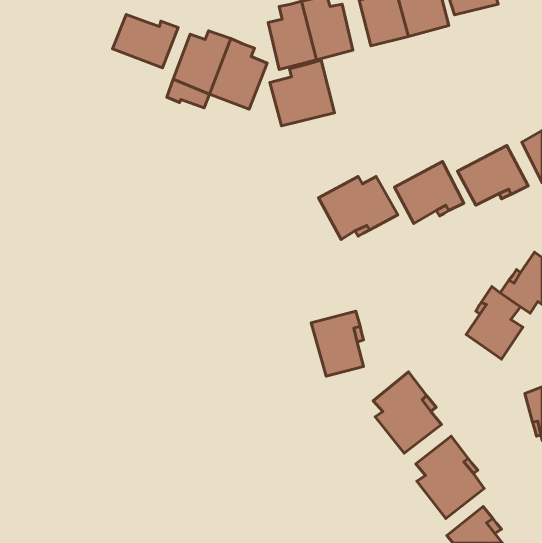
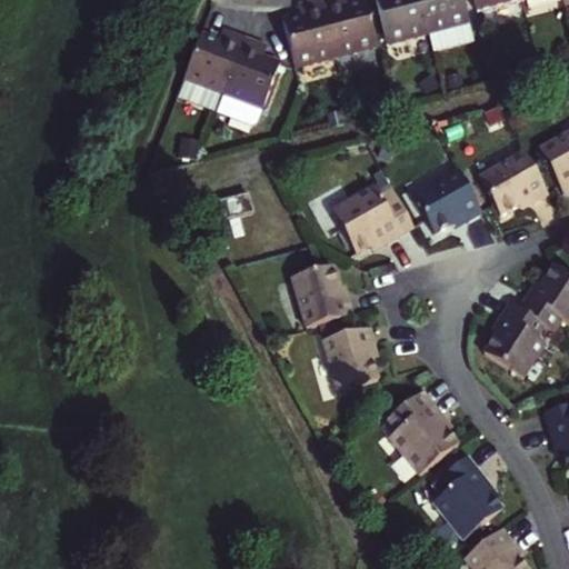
building: [113,15,178,68] -> none
building: [270,60,335,126] -> none
building: none -> [291,258,351,325]

